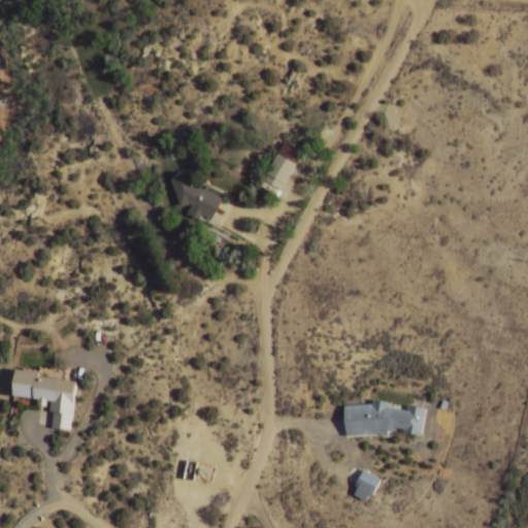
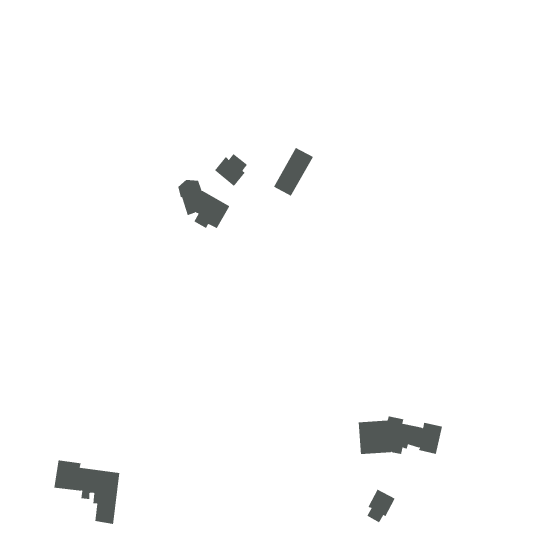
building: none -> [214,153,248,187]
building: [11,369,75,431] -> [54,460,120,524]

